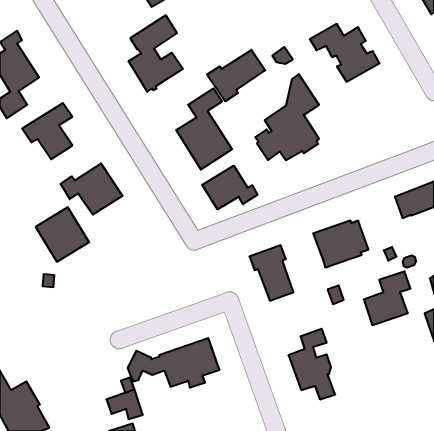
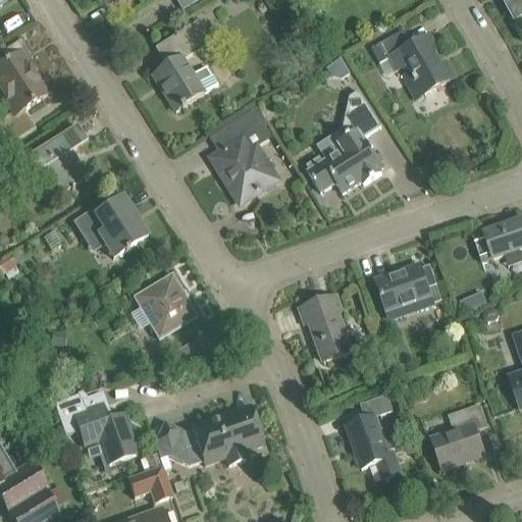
building: [207,50,265,101] -> none
building: [202,166,258,209] -> none
building: [36,207,89,262] -> [133,272,197,337]
building: [364,271,411,325] -> [431,404,487,468]
building: none -> [50,386,136,462]

